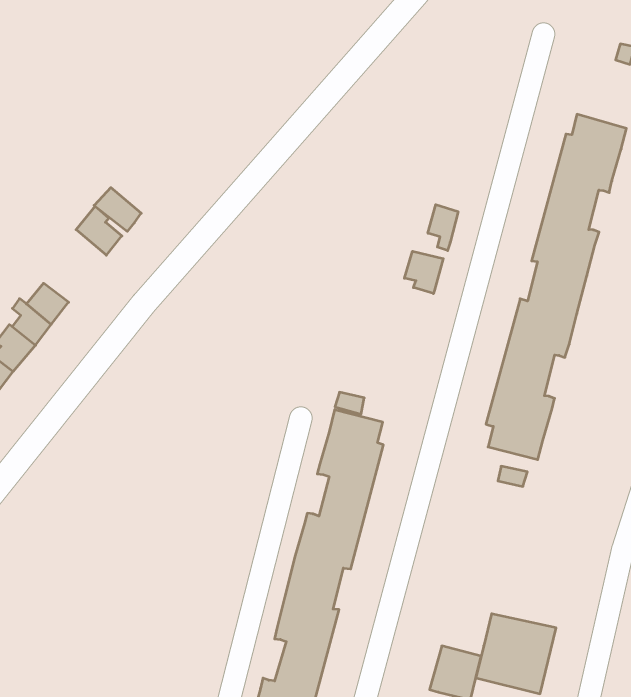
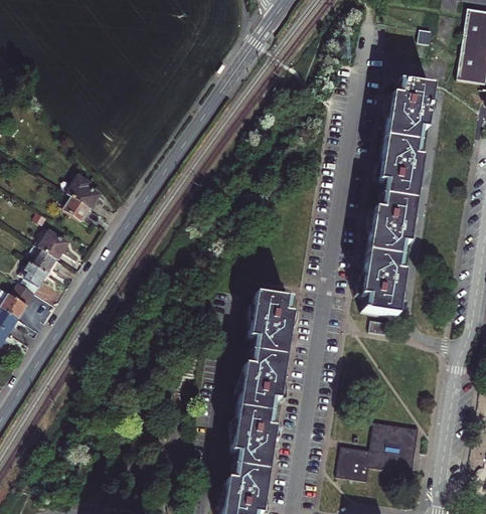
building: [94,188,141,231] -> [60,193,93,221]
building: [428,205,458,251] -> none
building: [404,251,443,294] -> none

